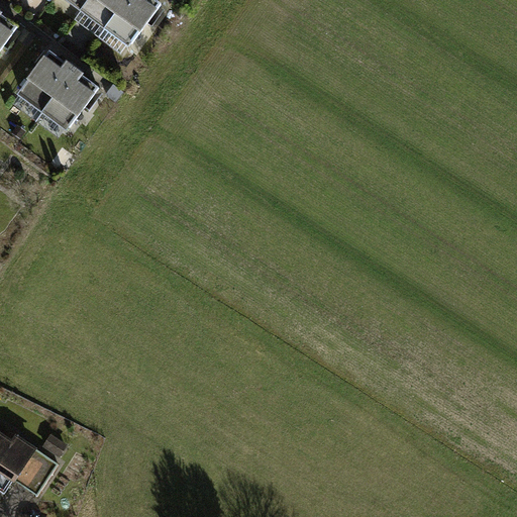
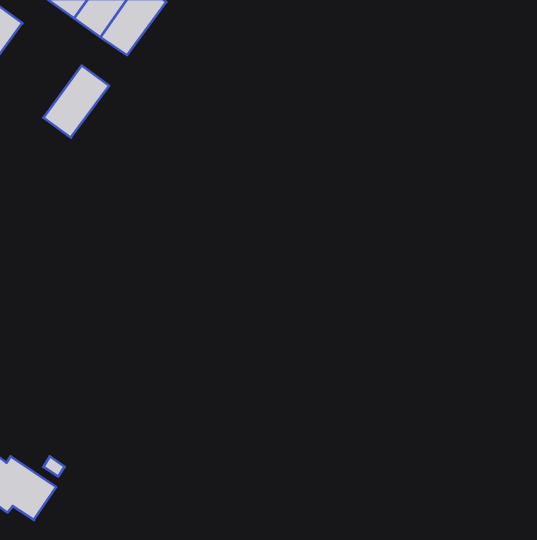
building: [15,43,78,112] -> none

